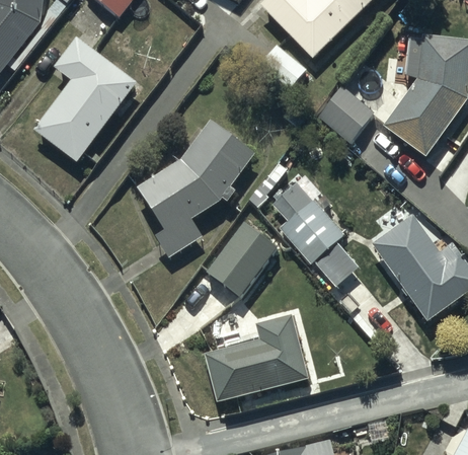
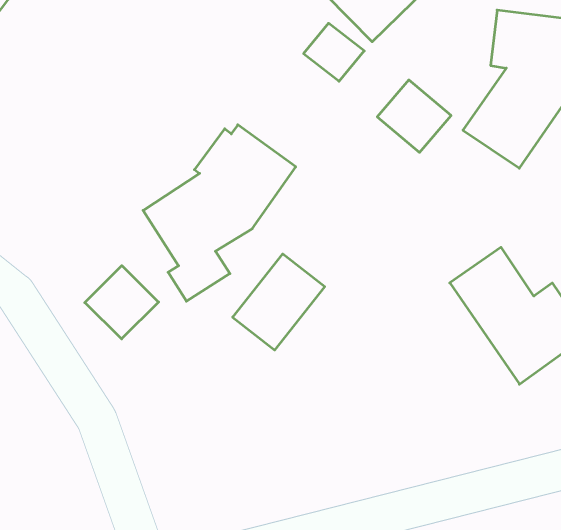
building: [35,36,137,160] -> none
building: [272,179,359,282] -> none
building: none -> [85,266,159,339]
building: [206,314,308,398] -> none

